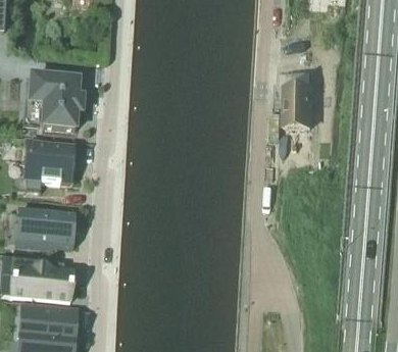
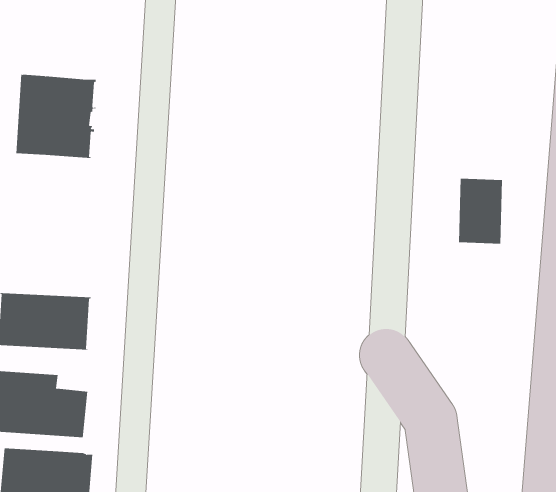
building: [283,85,310,125] -> [458,178,503,244]
building: [24,144,76,182] -> none

